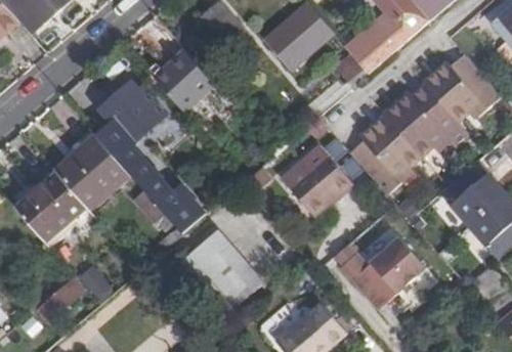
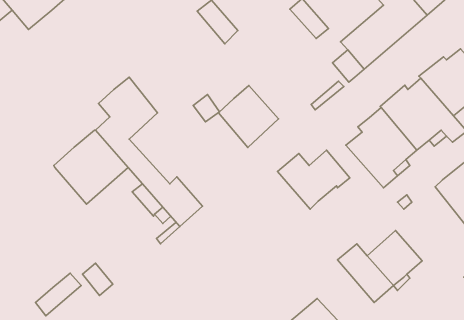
building: [264,12,319,69] -> none
building: [154,48,214,111] -> [218,85,278,147]
building: [15,172,88,245] -> none
building: [174,229,259,318] -> none

